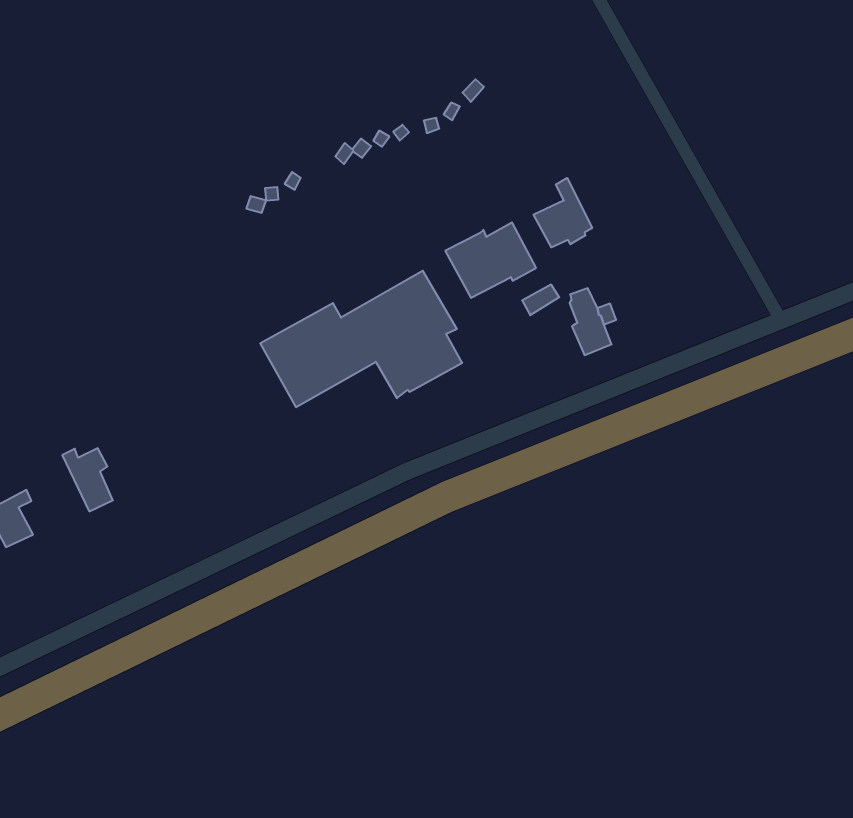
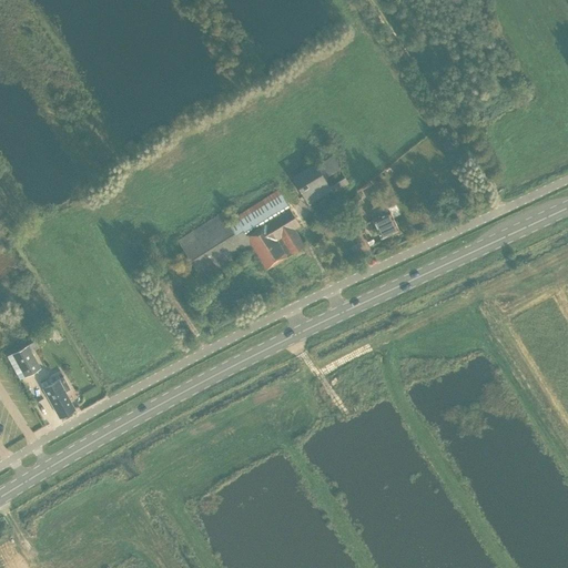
building: [534,178,592,247] -> none
building: [62,448,113,511] -> [40,377,73,417]

